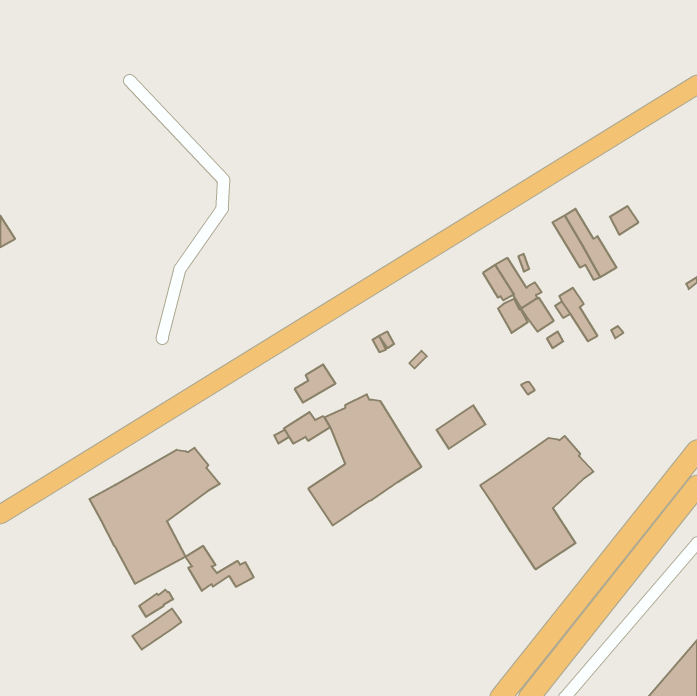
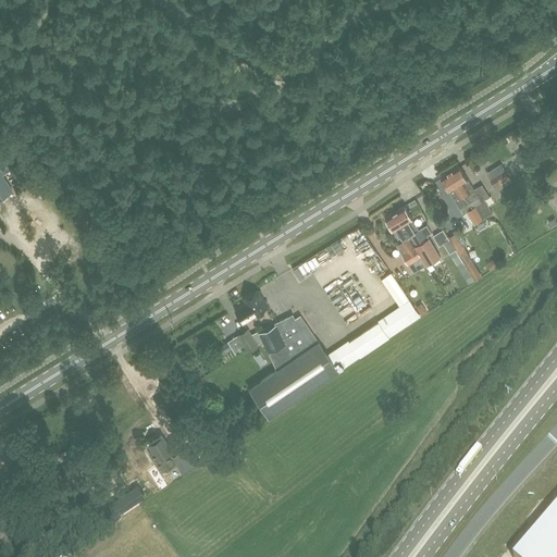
building: [480,436,593,569] -> none
building: [89,448,220,584] -> none

